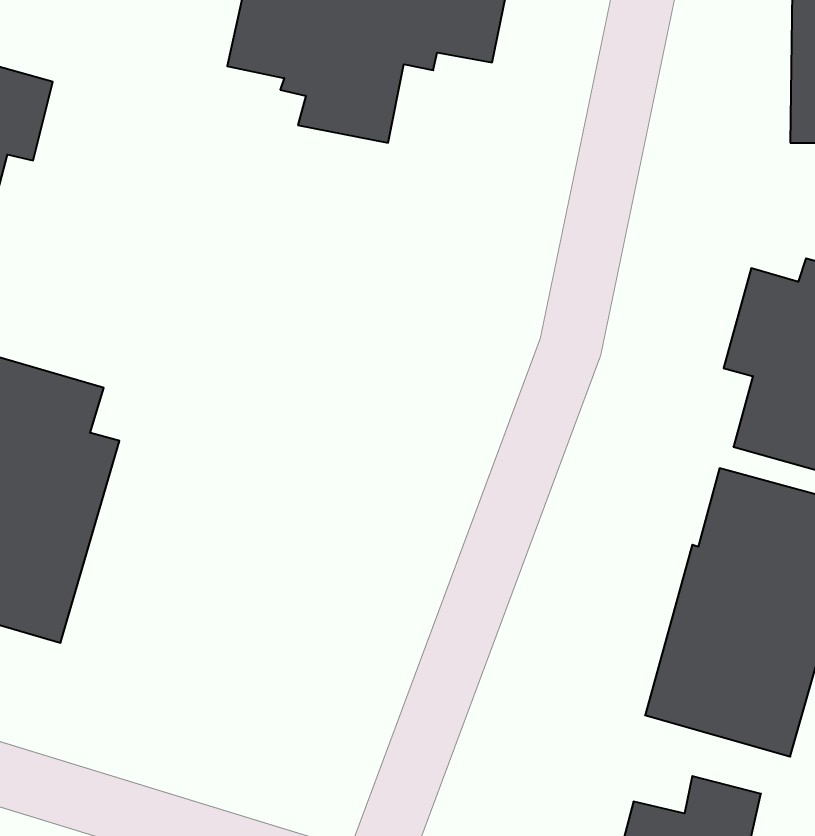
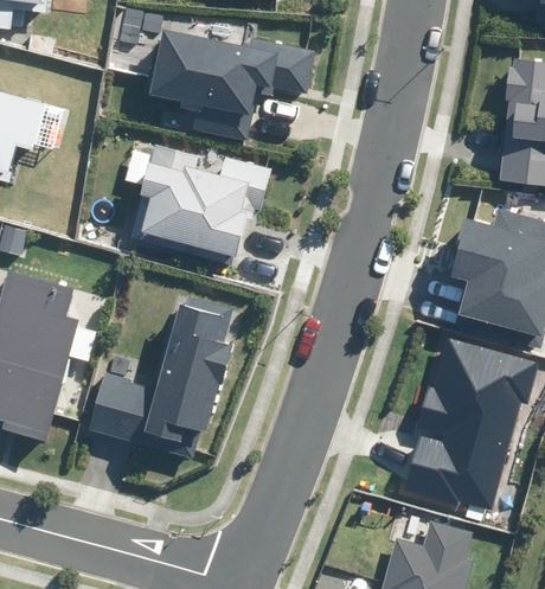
building: none -> [129,143,271,265]
building: none -> [90,295,232,459]

